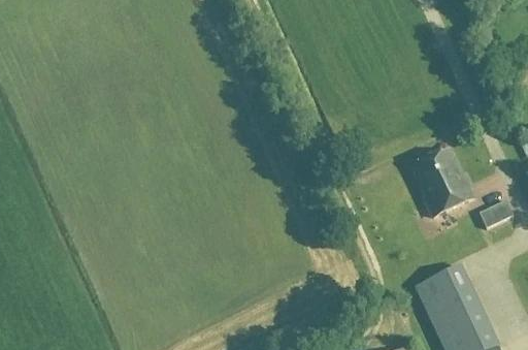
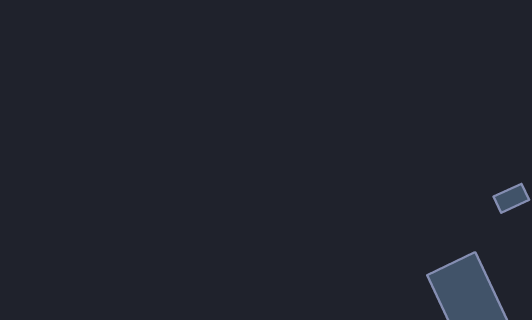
building: [412,149,472,215] -> none

